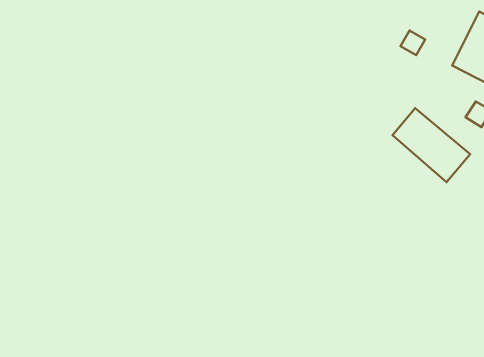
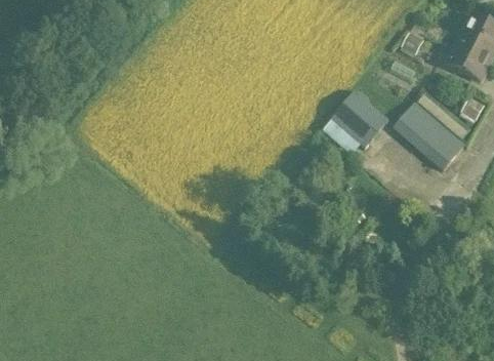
building: none -> [329,92,388,150]

